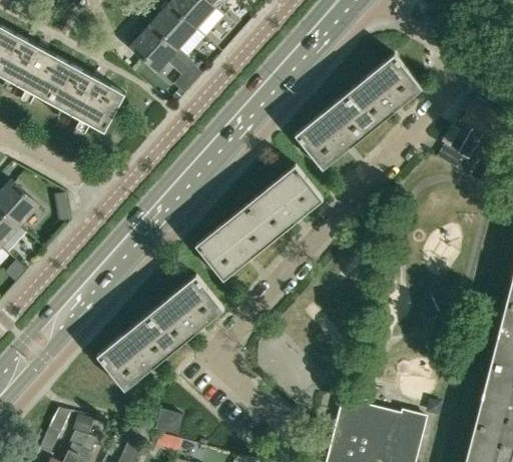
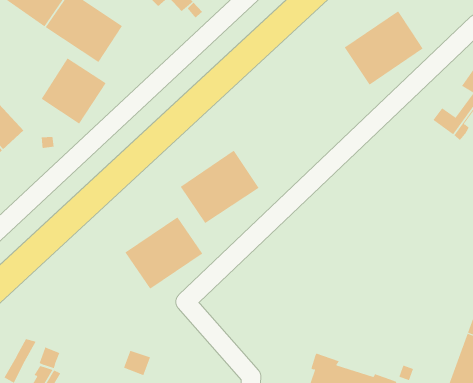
building: [294,95,372,170] -> none
building: none -> [41,57,107,125]
building: [245,165,323,241] -> none
building: [96,316,175,391] -> none

